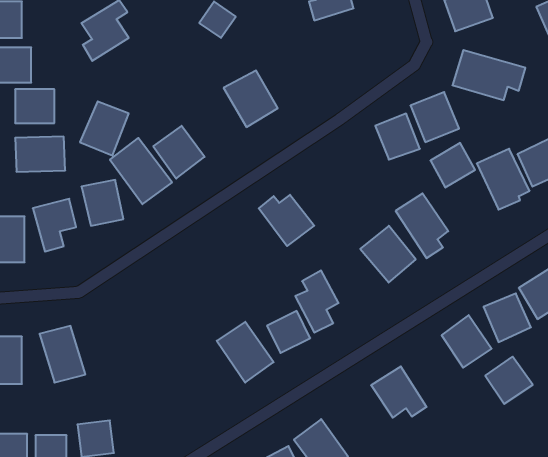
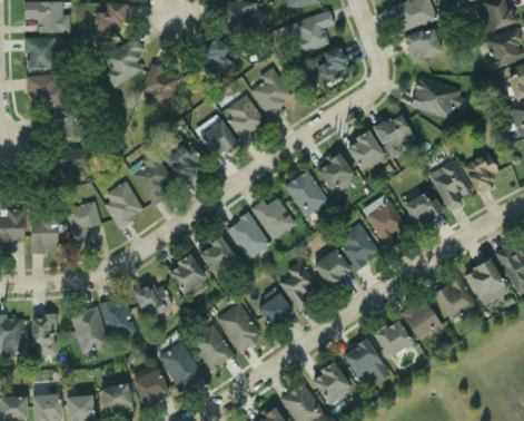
building: none -> [312,47,348,84]
building: none -> [250,67,290,121]
building: [80,101,129,156] -> [139,65,179,109]
building: none -> [199,120,238,159]
building: none -> [316,154,356,194]
building: [430,143,475,188] -> [404,189,441,226]
building: none -> [284,169,329,217]
building: none -> [226,213,269,260]
building: none -> [198,236,235,273]
building: none -> [314,248,352,288]
building: none -> [166,254,207,294]
building: none -> [135,282,169,317]
building: none -> [100,295,136,339]
building: none -> [189,323,234,371]
building: [485,357,533,404] -> [373,316,412,355]
building: none -> [158,341,204,391]
building: none -> [310,361,352,404]
building: none -> [134,370,168,404]

